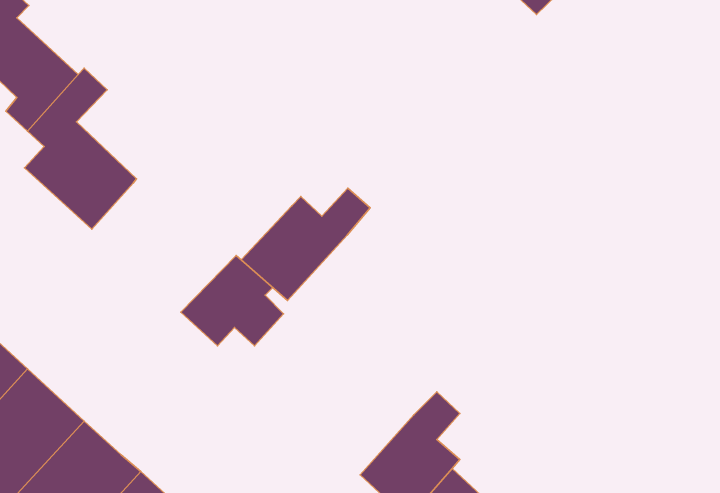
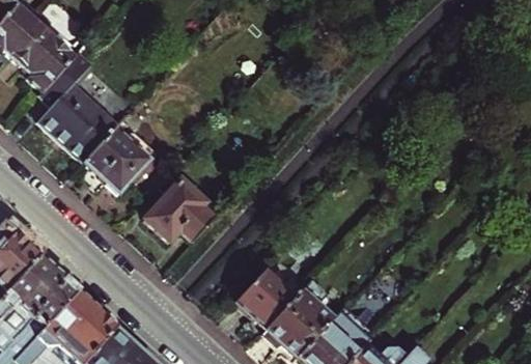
building: none -> [85,130,147,193]
building: [241,188,370,300] -> none
building: none -> [236,258,303,327]

